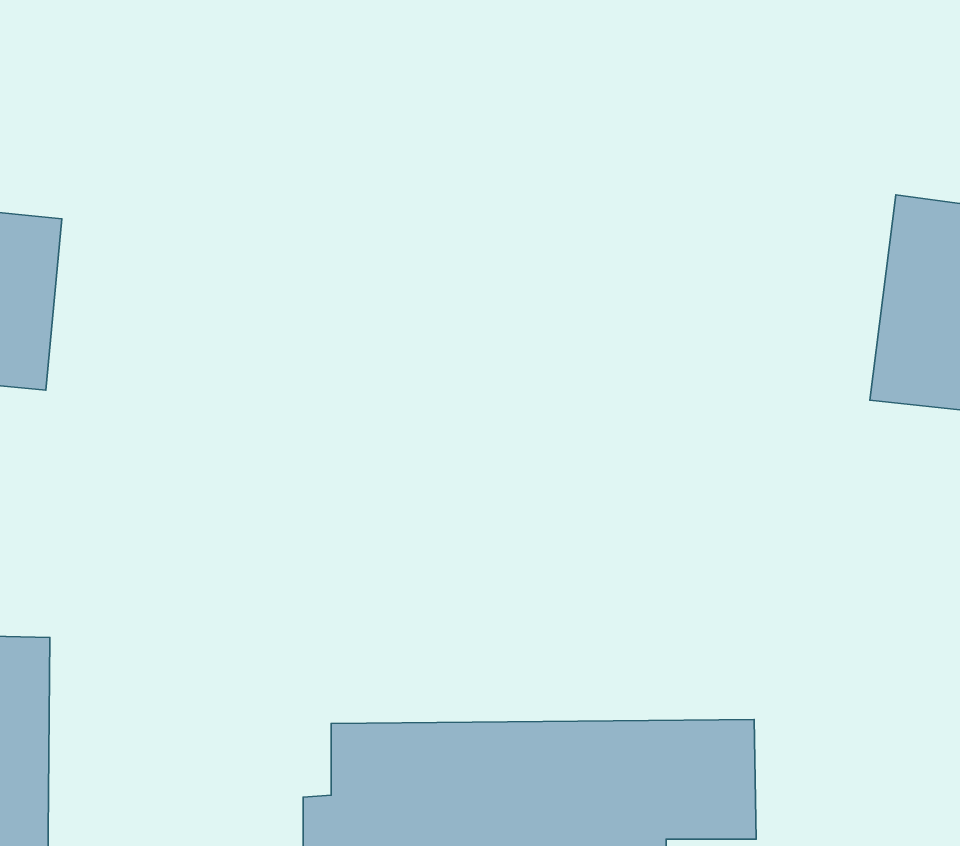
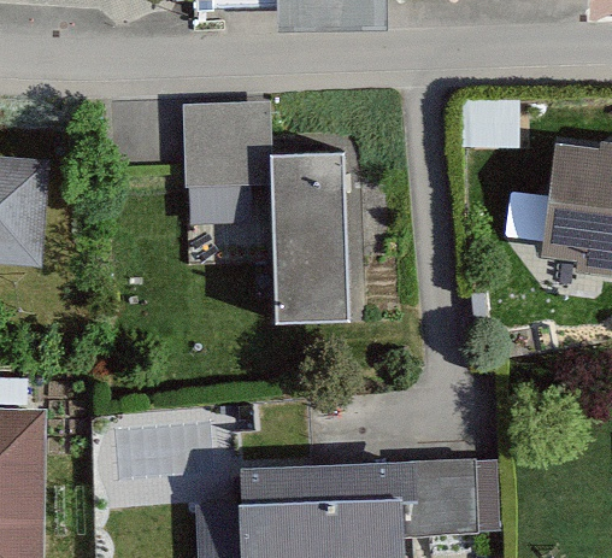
building: none -> [184,106,357,323]

